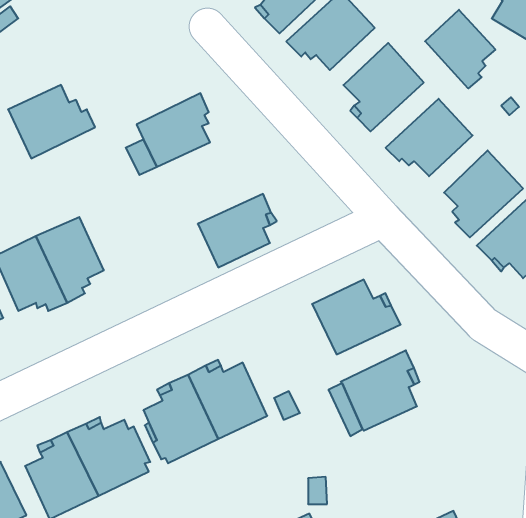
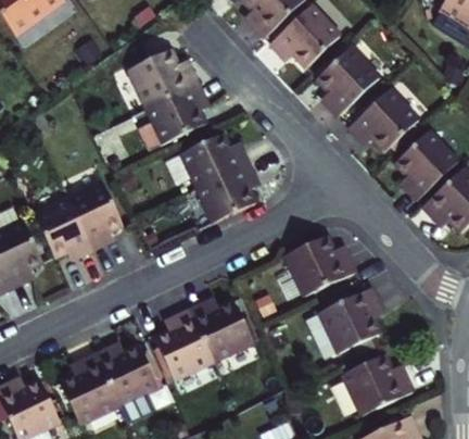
building: [425,10,495,88] -> none
building: [8,85,95,158] -> [130,51,200,110]
building: none -> [168,137,250,189]
building: none -> [341,355,410,414]

